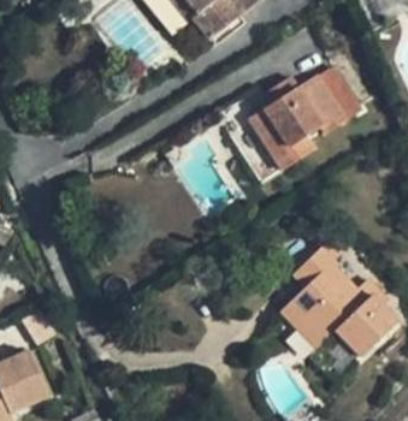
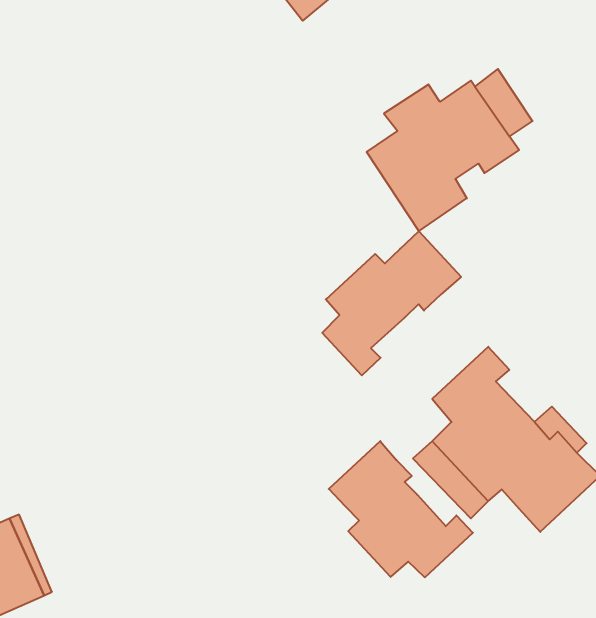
building: none -> [322,231,461,375]
building: none -> [329,441,473,577]

